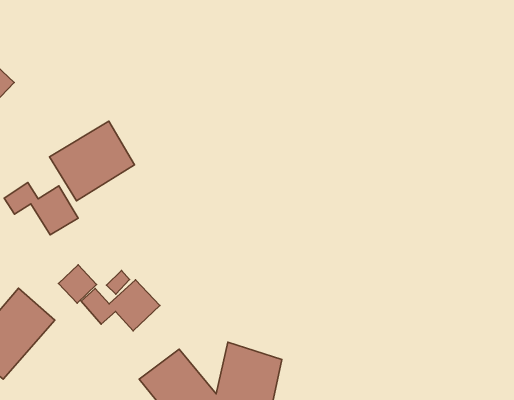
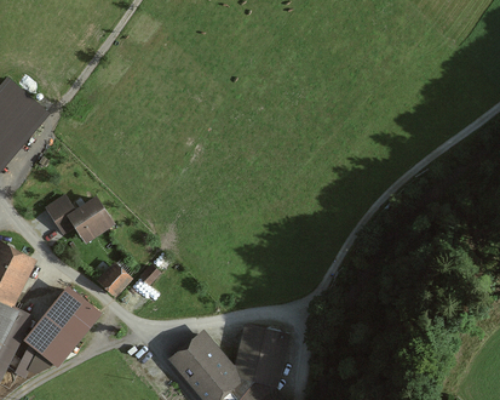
building: [50,121,135,201] -> none
building: [81,280,160,331] -> none

